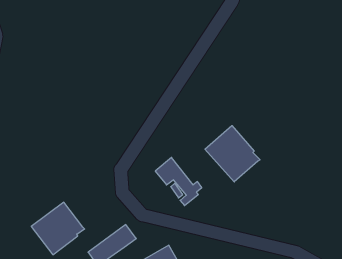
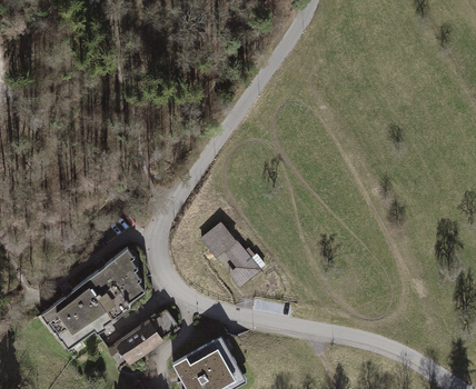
building: [205,126,260,182] -> none
building: none -> [83,250,140,312]

